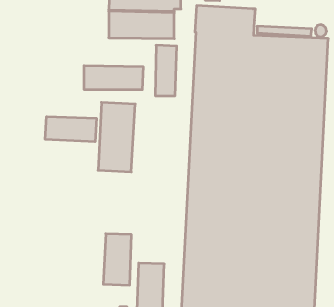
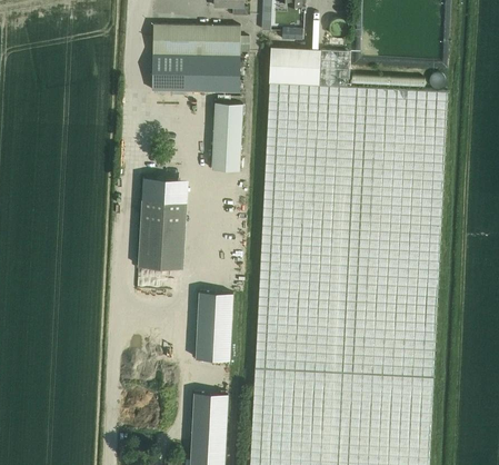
building: [84,66,143,90] -> none
building: [45,117,96,142] -> none
building: [103,234,131,285] -> [196,293,233,362]

